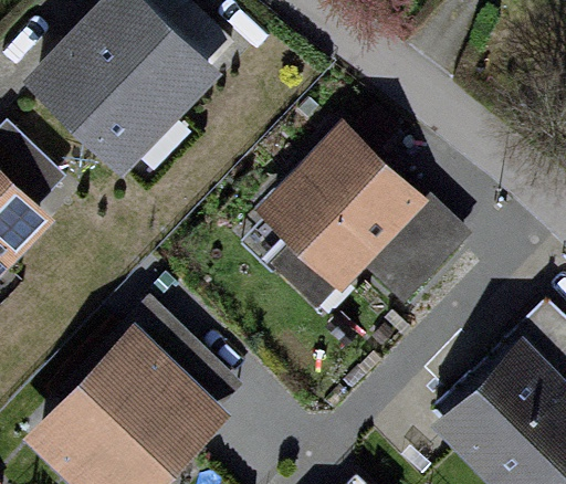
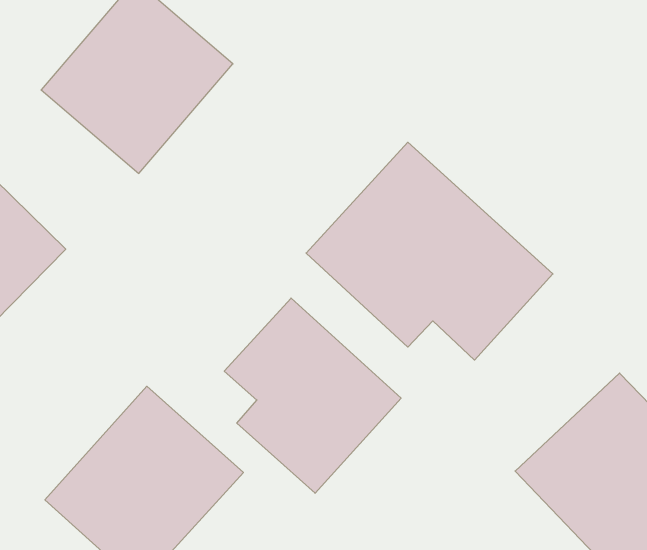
building: none -> [224,298,401,493]

